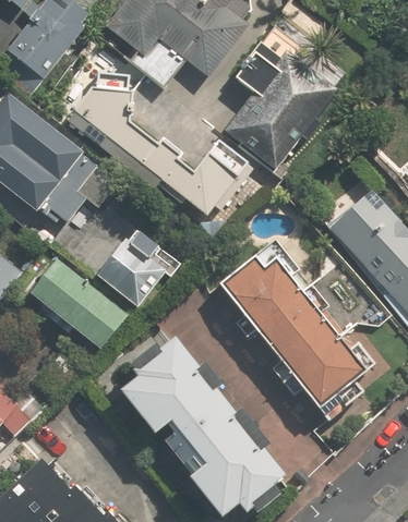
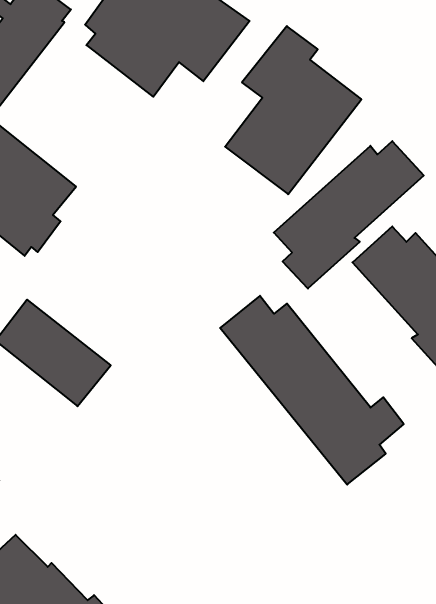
building: [63,73,239,217] -> none
building: none -> [274,141,424,289]
building: [98,236,168,305] -> none
building: [127,343,278,511] -> none

